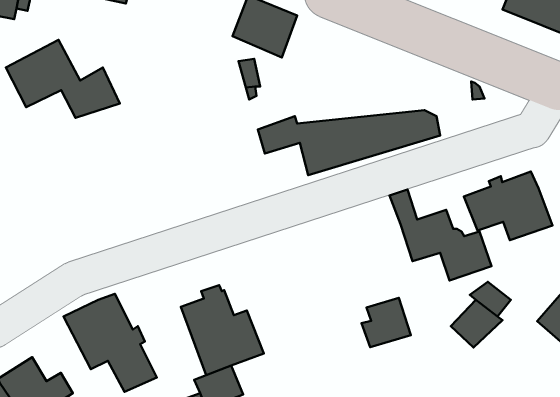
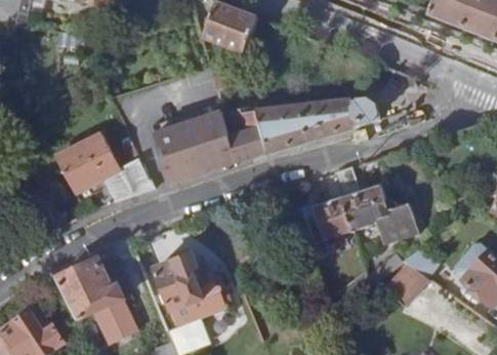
building: [6,40,120,118] -> [54,135,152,202]
building: none -> [151,111,263,185]
building: [464,171,553,240] -> none
building: [362,298,411,347] -> [310,196,353,238]

